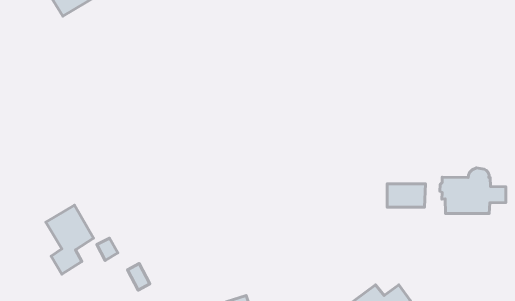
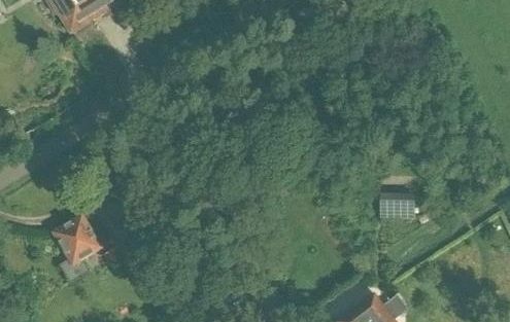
building: [440,168,506,213] -> none

